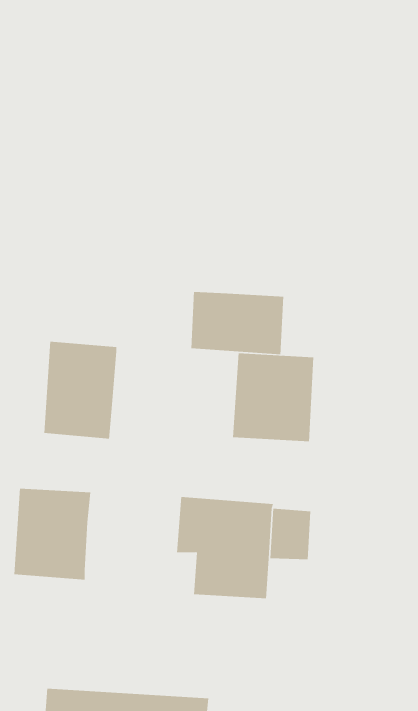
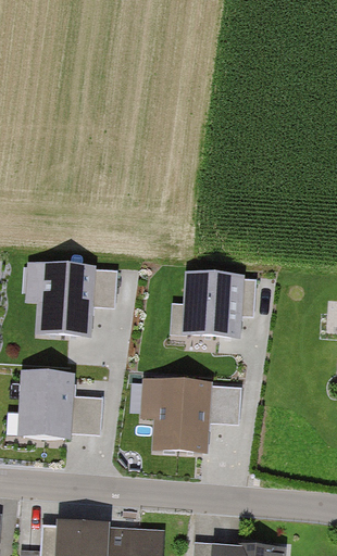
building: [191,291,284,355] -> none
building: none -> [90,268,117,311]
building: none -> [70,397,102,435]

